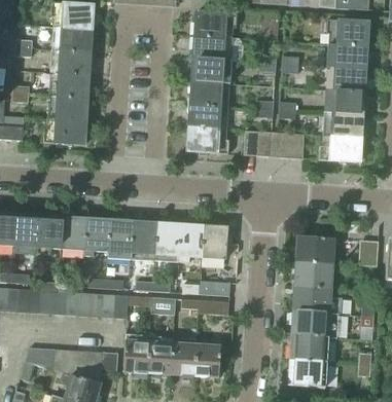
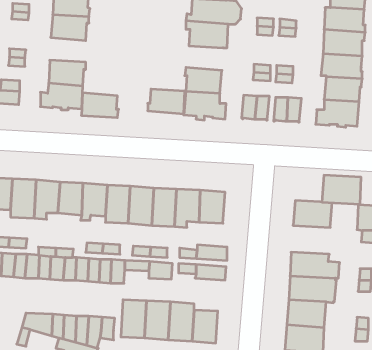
building: [54,74,91,99] -> [81,93,119,118]
building: [189,82,226,107] -> [148,89,185,114]
building: [294,261,333,290] -> [322,175,361,204]

